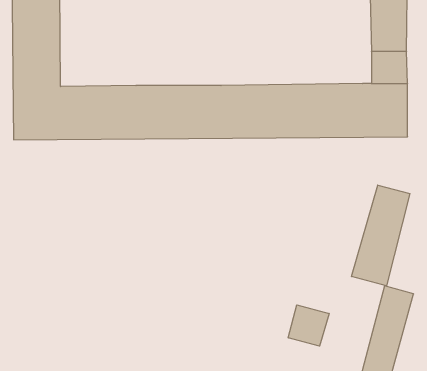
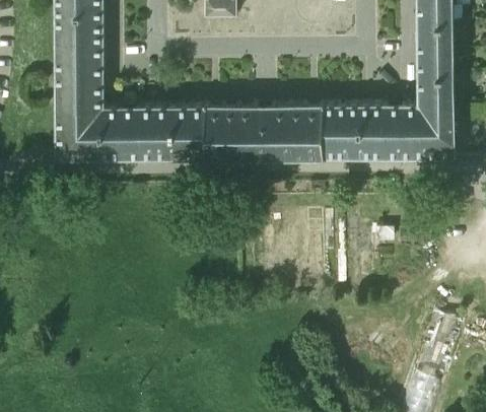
building: [352,185,410,286] -> none
building: [288,305,329,346] -> none

